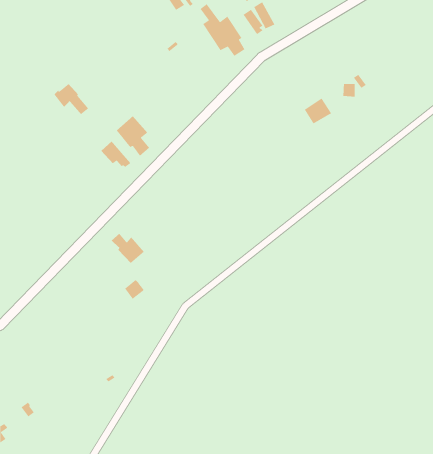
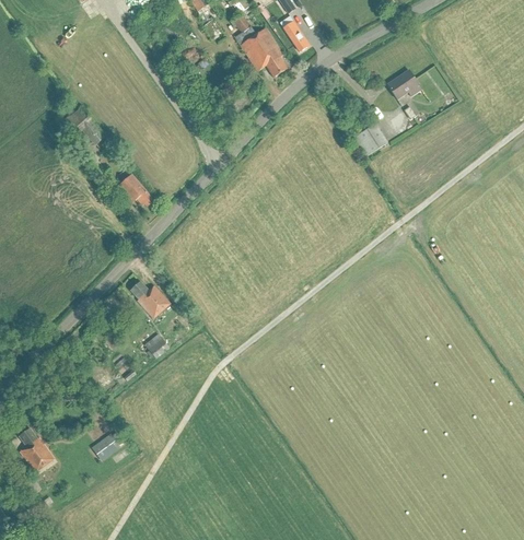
building: none -> [386,68,420,98]
building: [116,115,150,157] -> none
building: none -> [19,427,54,471]
building: none -> [90,432,123,460]

